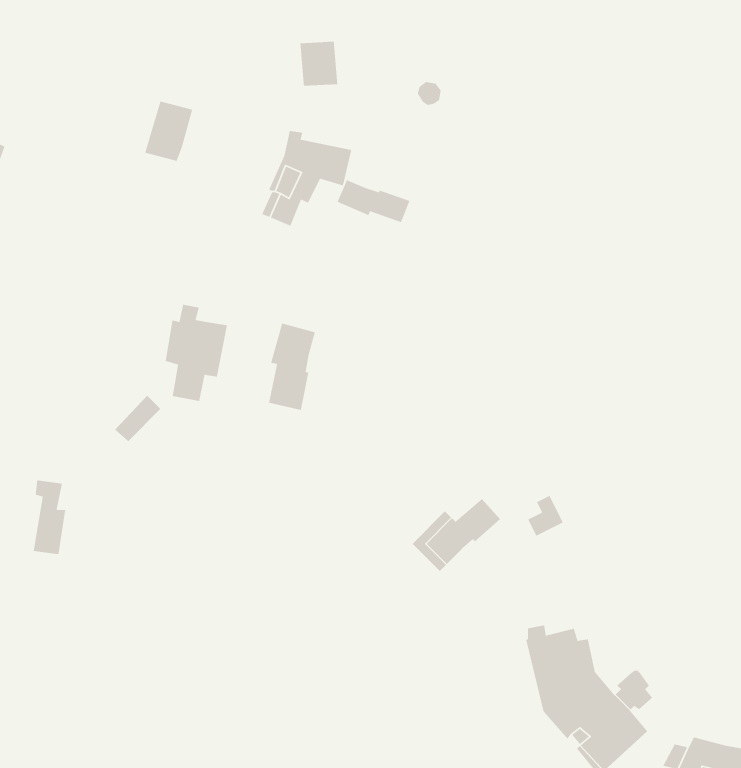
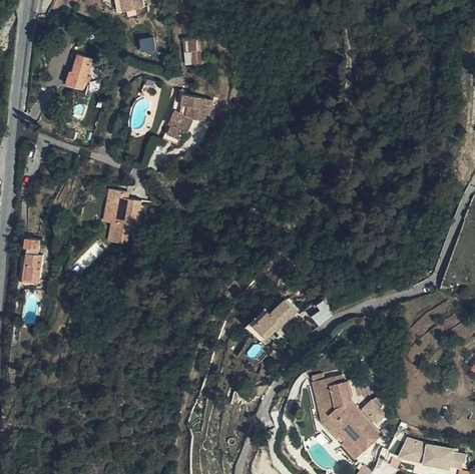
building: [144,101,193,162] -> [64,55,92,90]
building: [336,179,410,223] -> none
building: [268,323,316,411] -> none
building: [33,480,66,555] -> [23,238,42,281]

